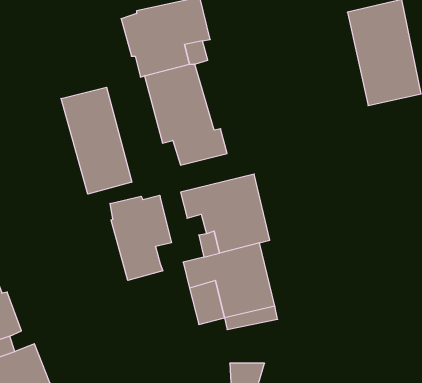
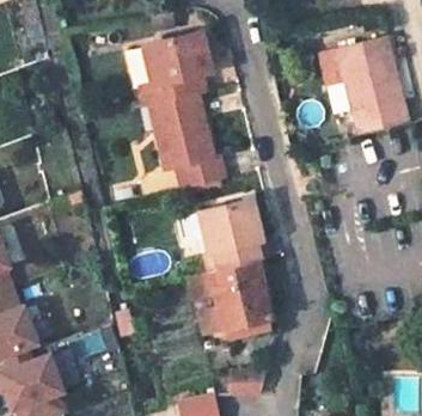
building: [61,87,132,194] -> none
building: [110,195,171,280] -> none

